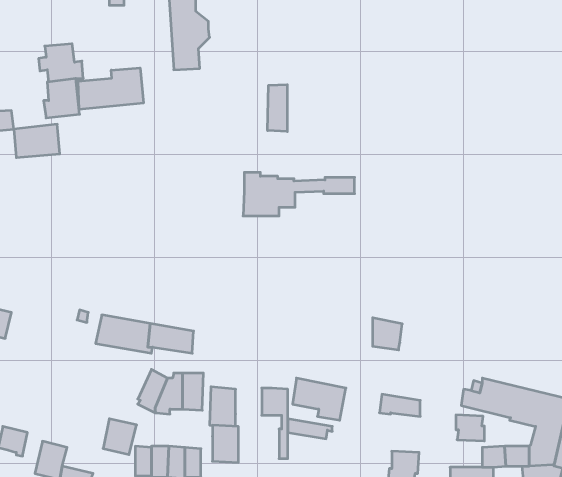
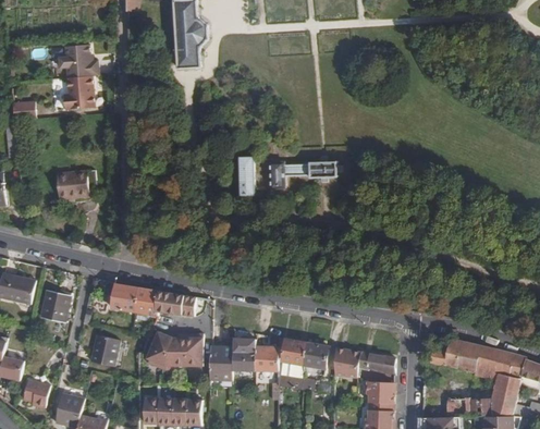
building: [78,68,143,109] -> none
building: [268,85,287,132] -> none
building: [14,124,60,158] -> [57,168,97,197]
building: [373,318,402,350] -> [334,346,360,375]
building: none -> [40,290,70,321]
building: [456,415,484,441] -> [368,380,393,403]
building: [103,419,137,455] -> [89,334,119,366]
building: [212,425,238,462] -> [232,338,255,370]

